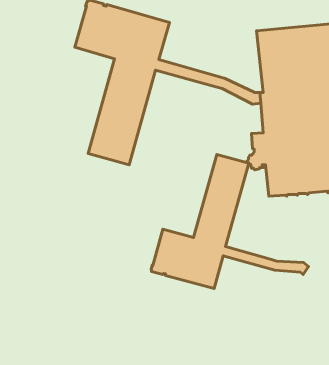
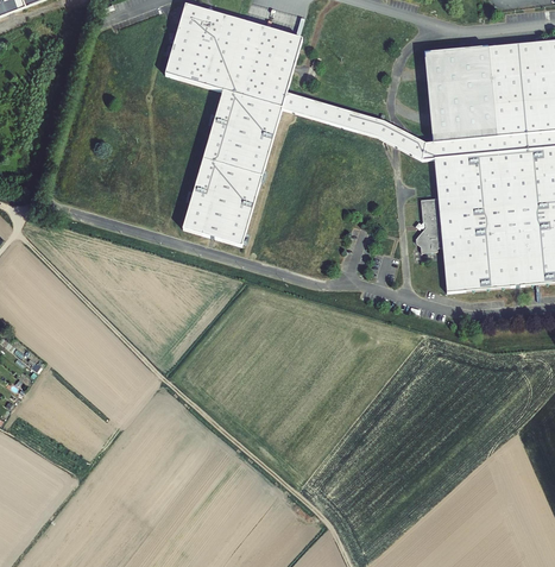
building: [151,154,308,289] -> none

